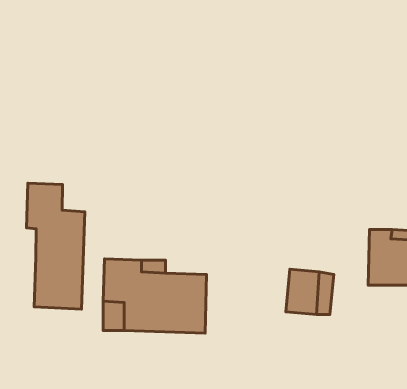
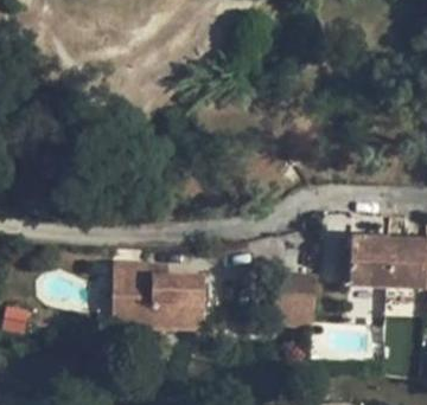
building: [27,183,85,309] -> none

